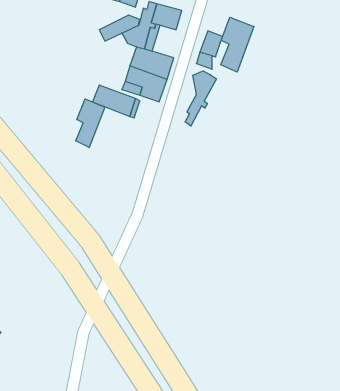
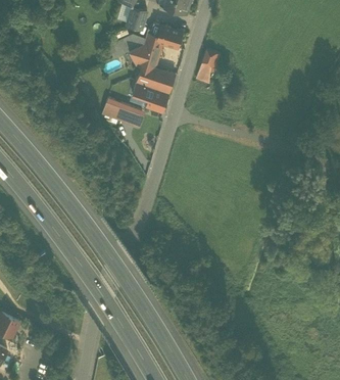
building: [221,17,254,72] -> none
building: [185,71,216,126] -> none
building: [76,99,105,148] -> none

